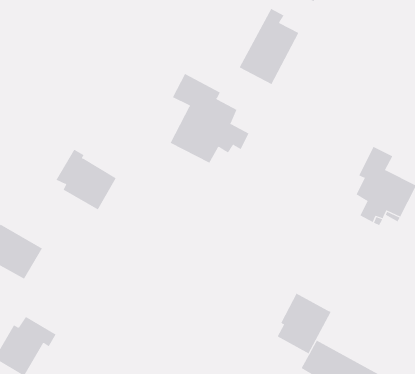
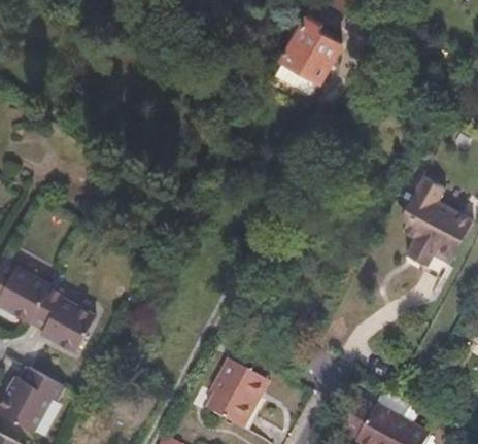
building: [170,73,249,164] -> none
building: [55,149,117,210] -> [29,288,98,357]
building: [277,293,332,354] -> [208,354,270,423]

